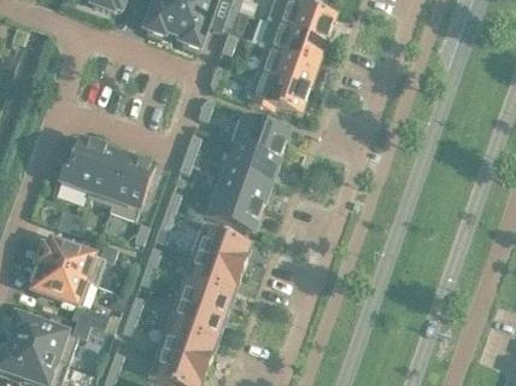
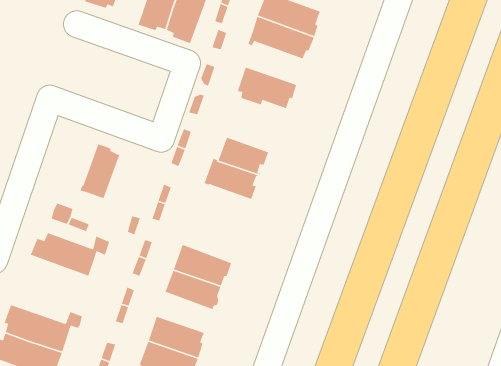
building: [254,45,313,88] -> none
building: [230,111,288,158] -> none
building: [58,139,105,191] -> none
building: [109,156,154,221] -> none
building: [204,189,262,232] -> none
building: [190,226,248,270] -> none
building: [31,263,109,329] -> none
building: [164,300,222,341] -> none

